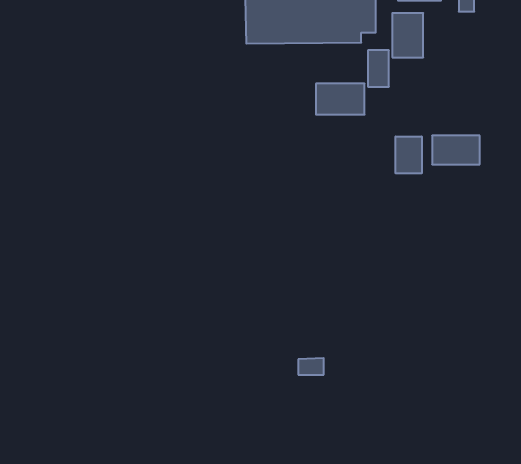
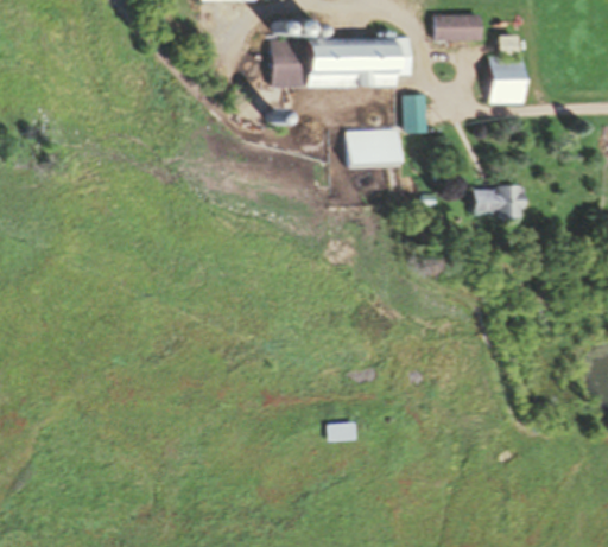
building: [392,13,423,57] -> [489,56,522,103]
building: [396,136,422,173] -> none

